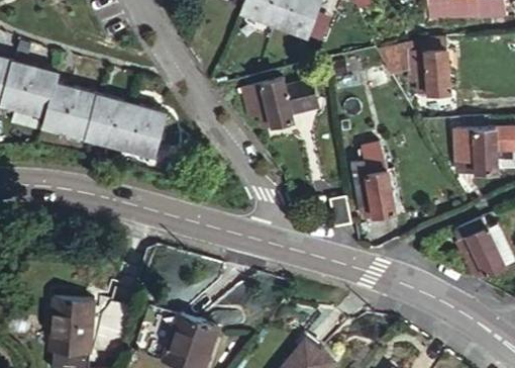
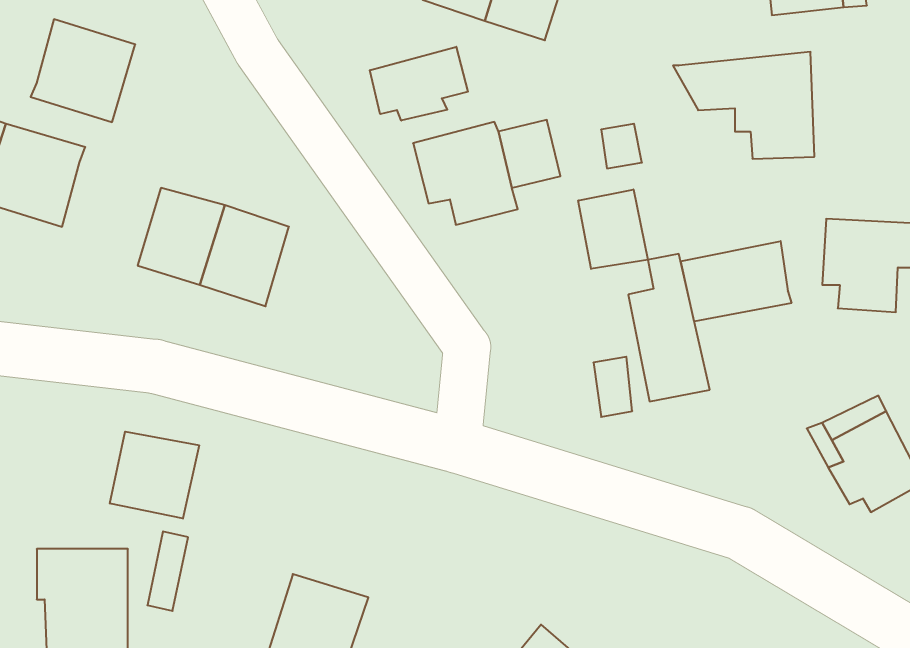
building: none -> [370,47,468,121]
building: [55,97,109,151] -> [31,19,135,122]
building: none -> [578,189,648,269]
building: none -> [681,241,791,322]
building: none -> [110,432,199,519]

